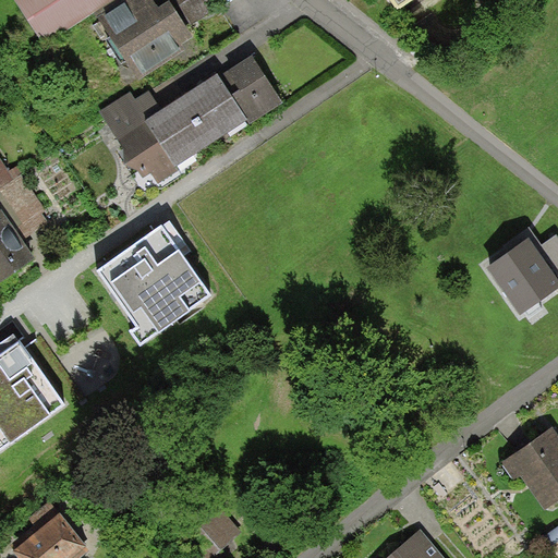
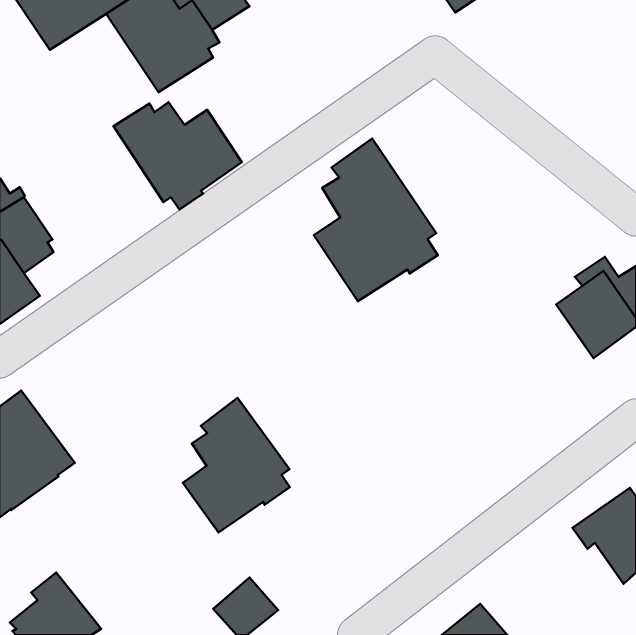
building: [181,54,282,142] -> none
building: none -> [314,138,438,301]
building: [96,221,210,347] -> none
building: none -> [183,398,290,533]

